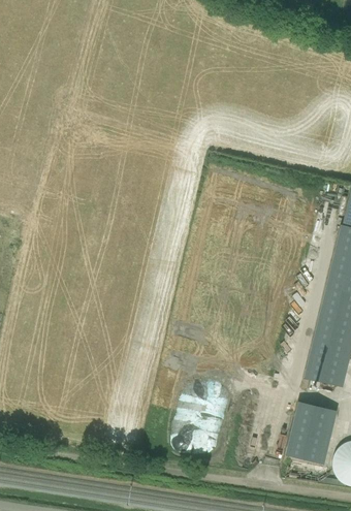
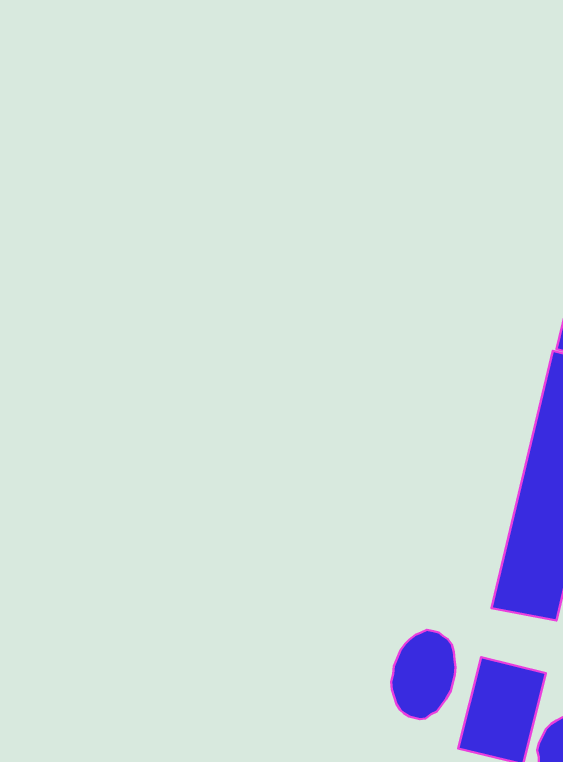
building: none -> [391,630,455,719]

